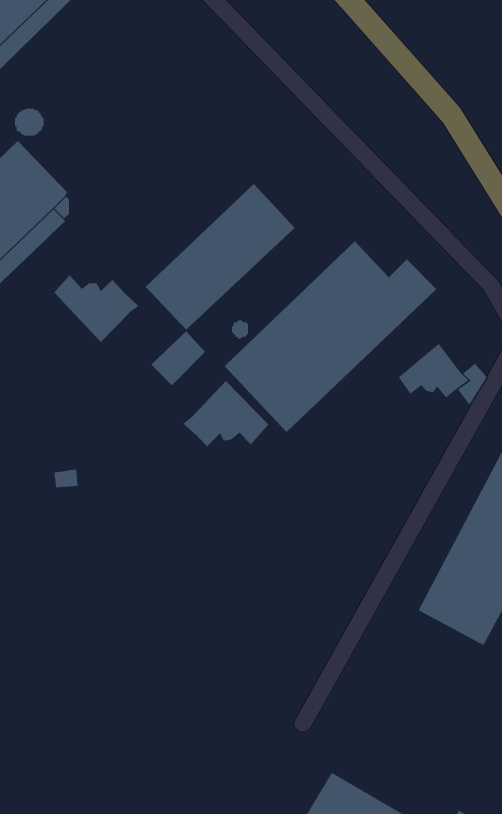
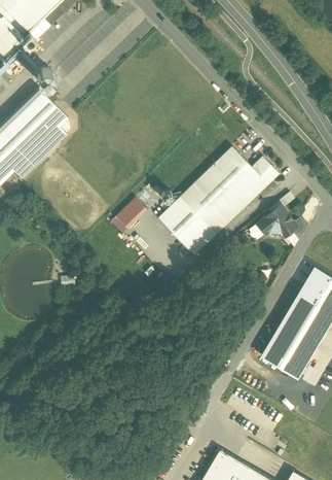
building: [145,183,295,330] -> none
building: [54,274,139,343] -> none
building: [182,380,269,447] -> none

